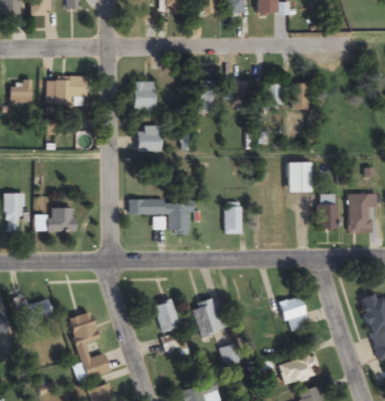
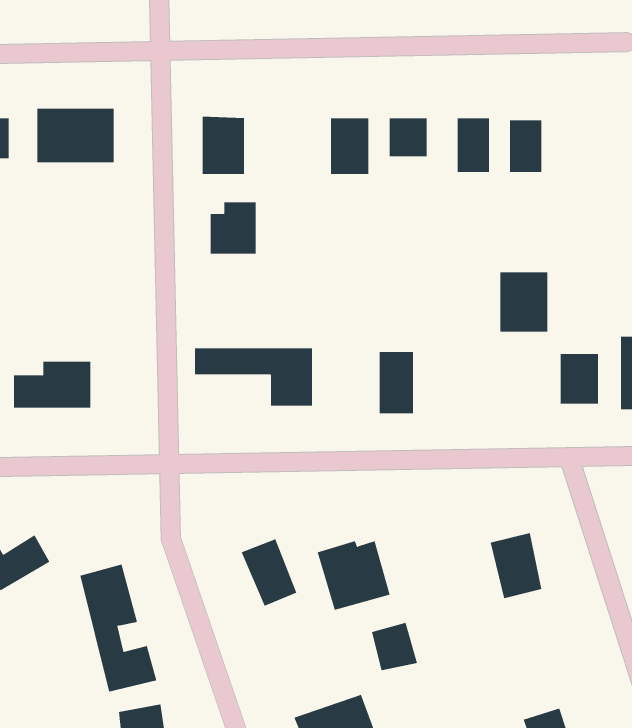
building: [279,354,320,383] -> none

